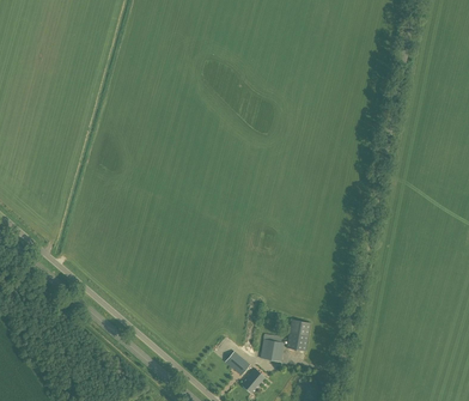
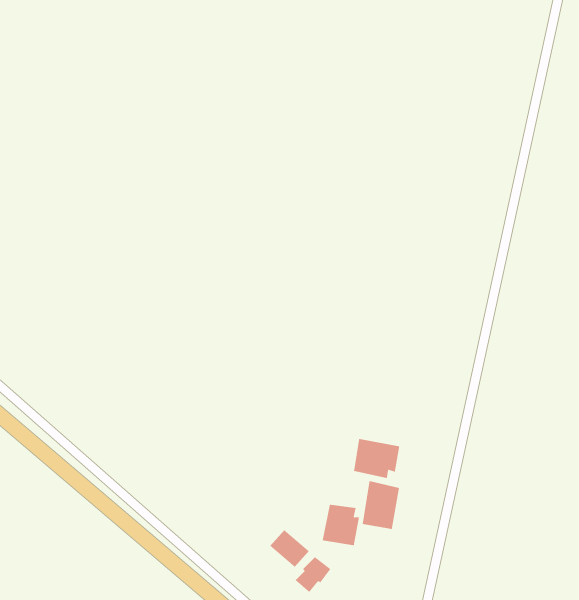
building: none -> [354,438,400,479]

